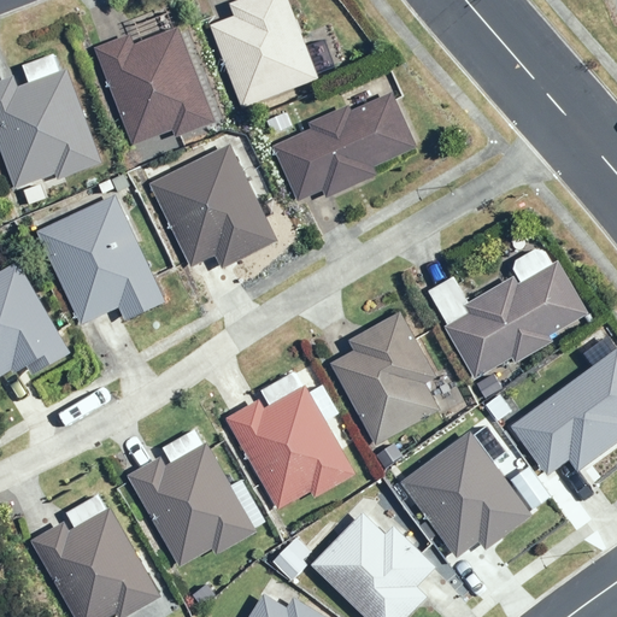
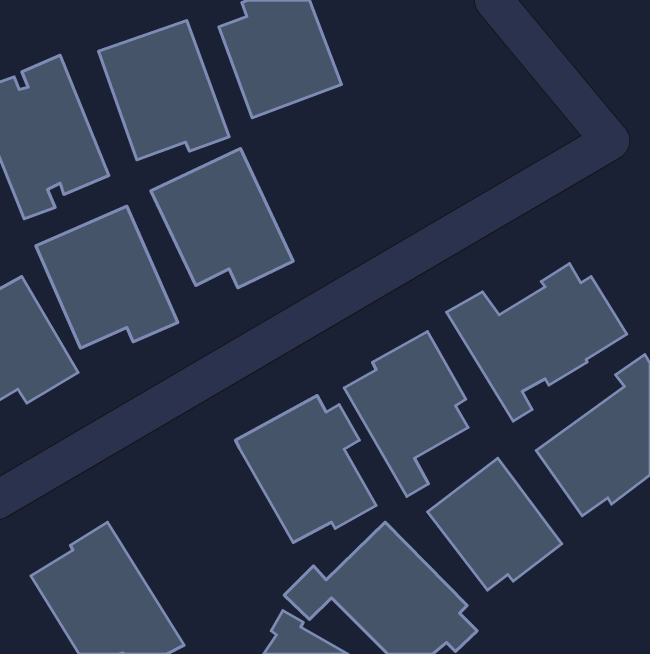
building: [275,92,417,200] -> none
building: [124,427,262,570] -> none

